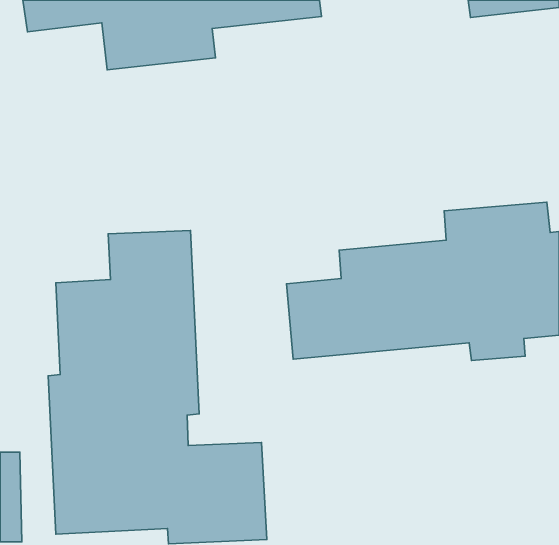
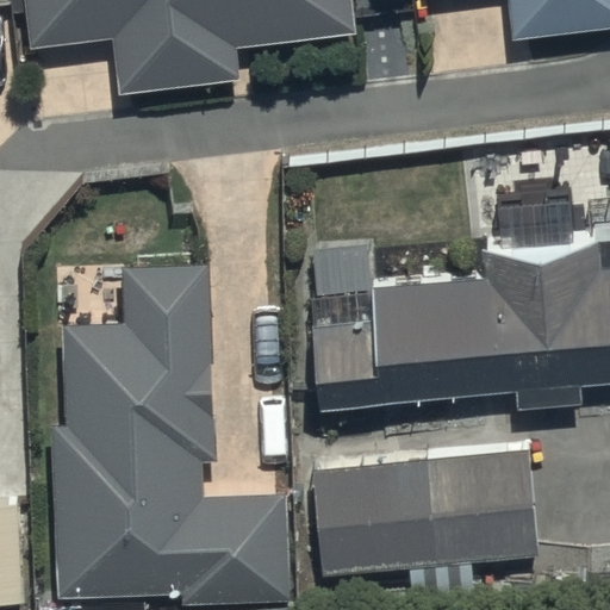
building: none -> [311,447,534,595]

